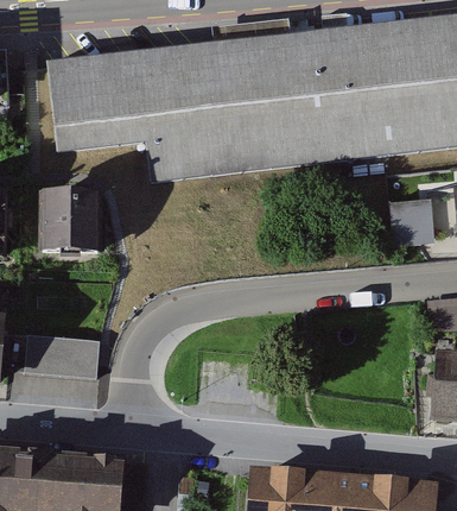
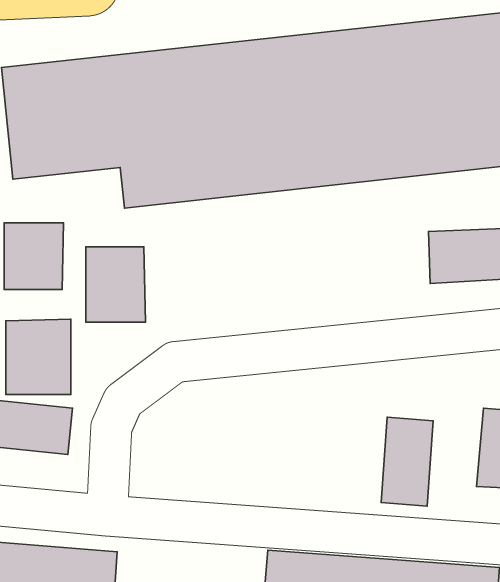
building: none -> [86,247,145,322]
building: none -> [6,319,71,395]
building: none -> [381,417,433,506]

